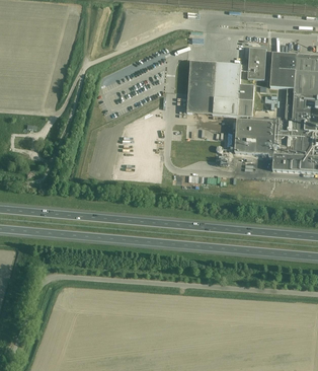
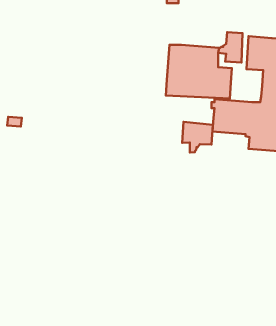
building: none -> [182,122,213,153]

